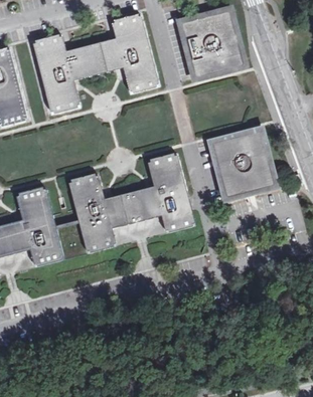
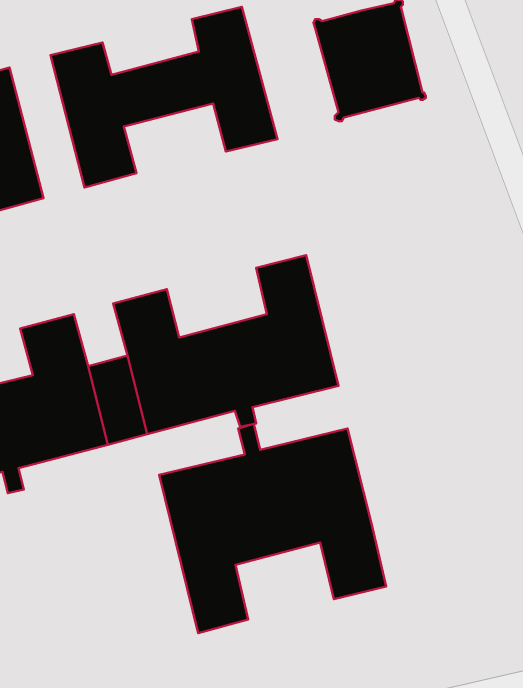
building: [210,128,274,196] -> none
building: none -> [159,424,386,633]

